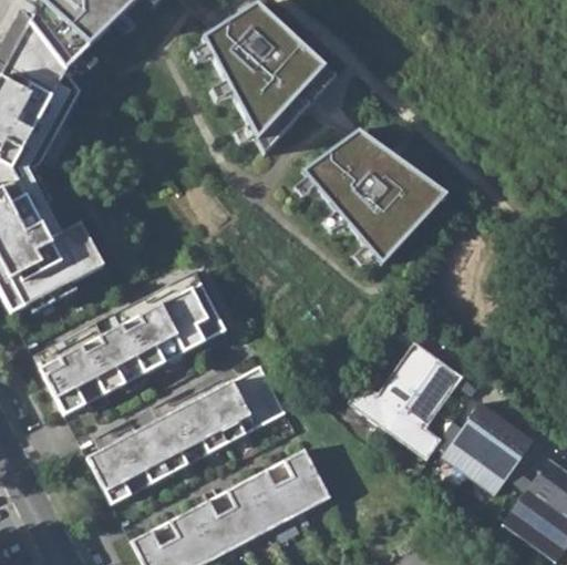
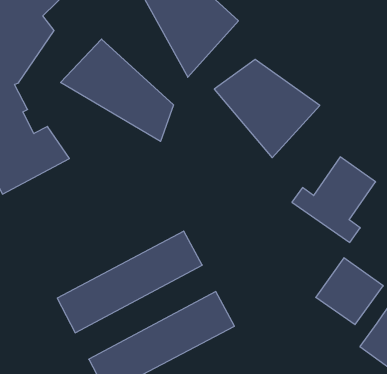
building: none -> [61,39,173,141]
building: [38,282,225,415] -> none
building: [347,341,462,459] -> [292,157,376,242]

